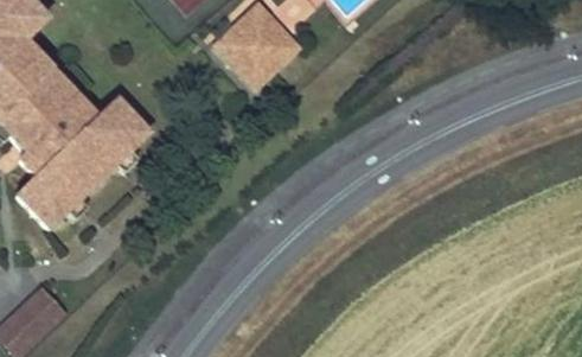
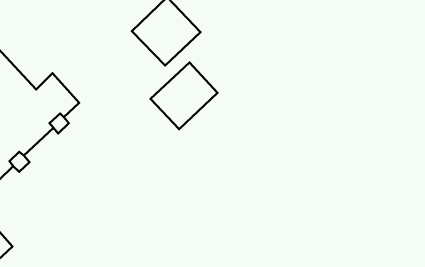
building: none -> [150,62,217,129]

